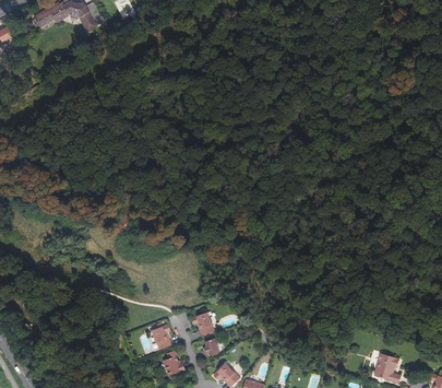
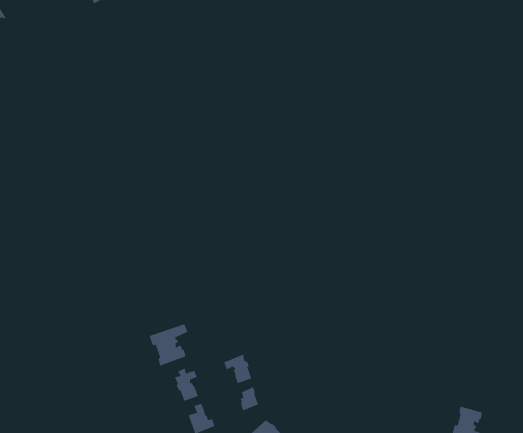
building: none -> [149,323,188,366]

